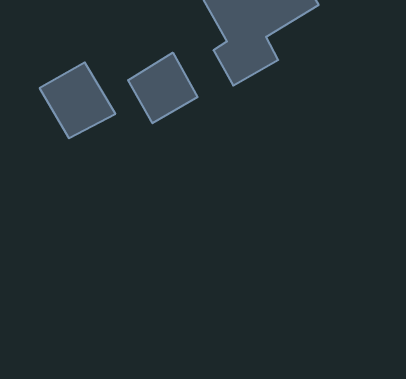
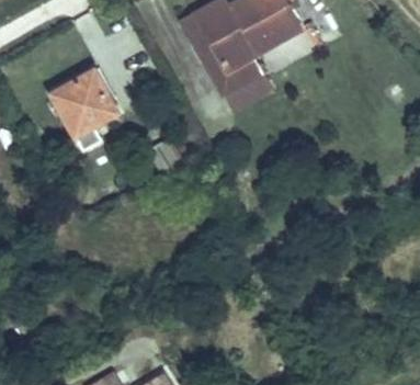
building: [128,53,198,123] -> none

